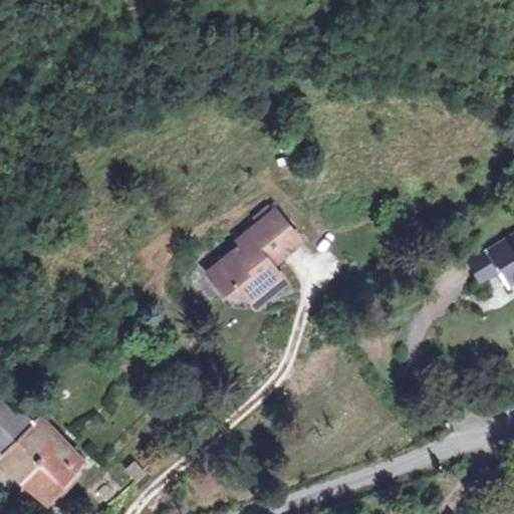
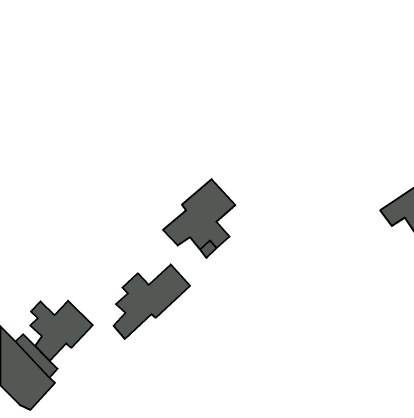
building: none -> [114,264,190,339]
building: none -> [30,301,93,361]

